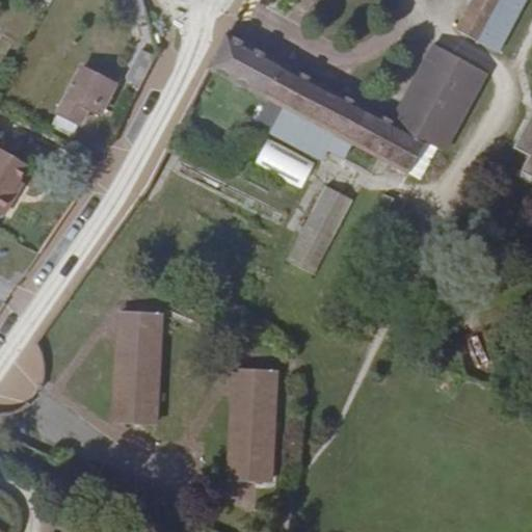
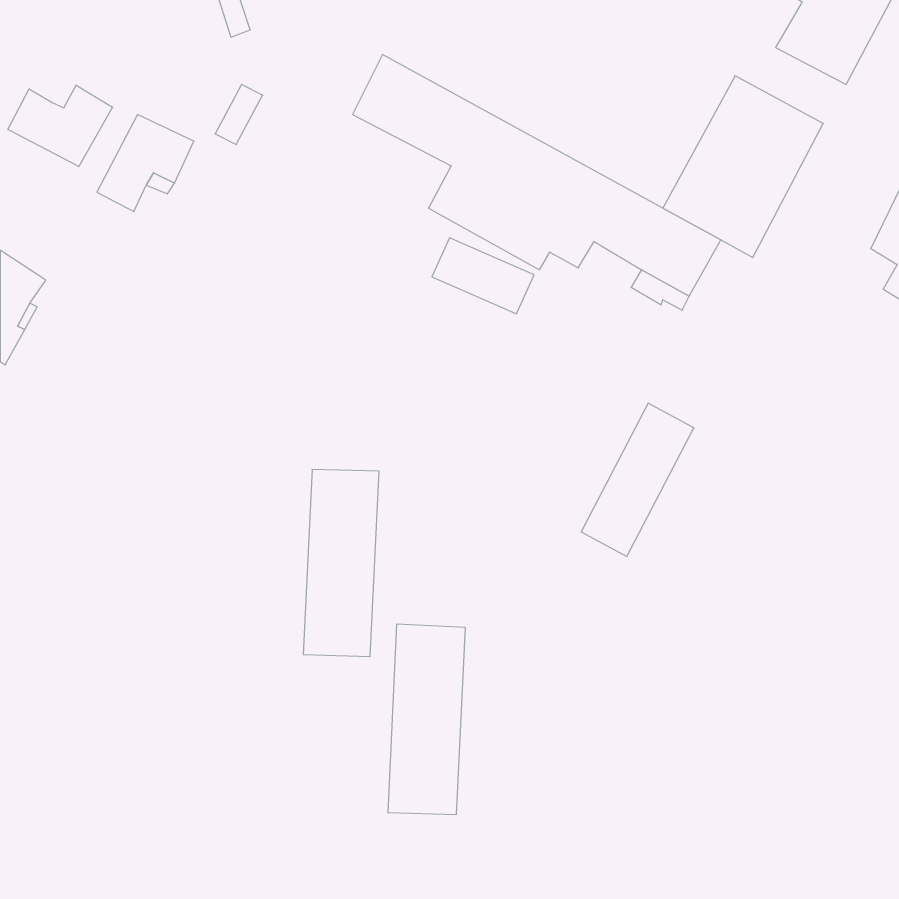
building: none -> [8,85,113,167]
building: [287,184,353,274] -> [581,403,694,557]
building: [115,312,160,422] -> [303,470,379,656]

